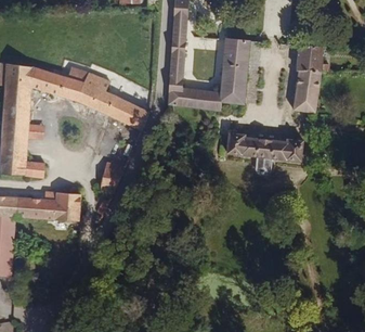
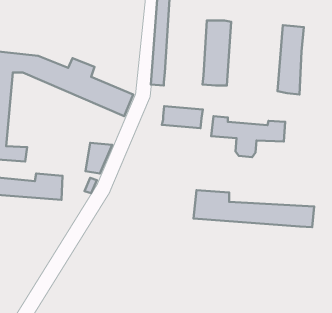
building: [179,89,219,111] -> [162,106,203,128]
building: none -> [193,190,314,227]

